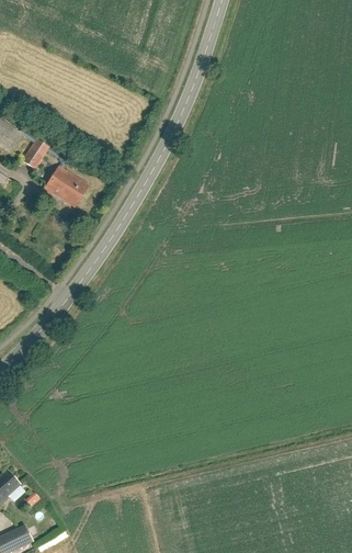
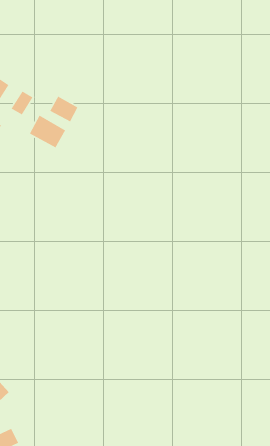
building: none -> [49,96,78,122]

